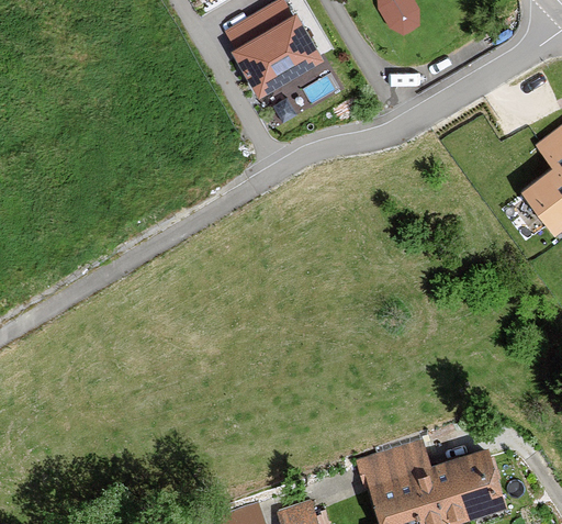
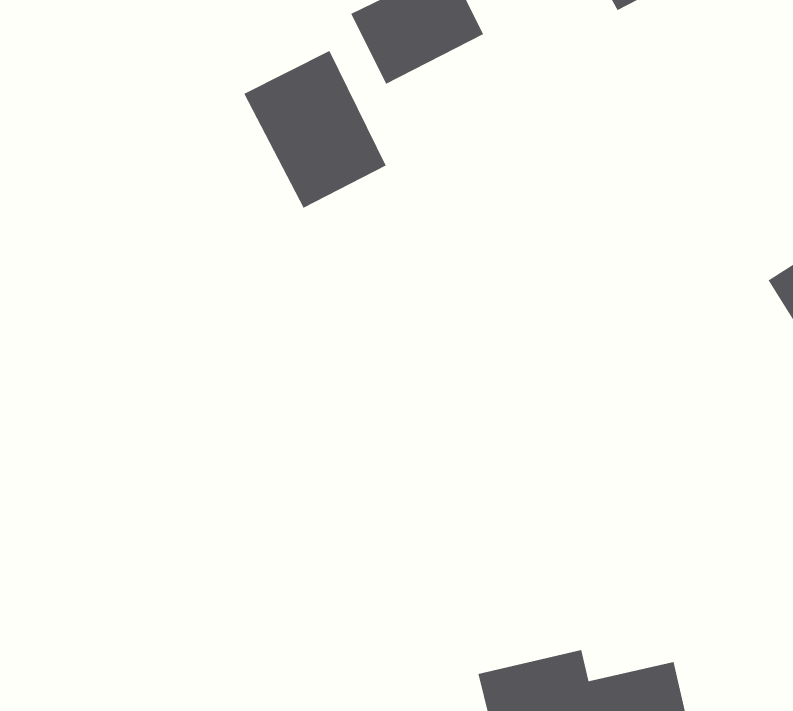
building: none -> [243,50,387,209]

